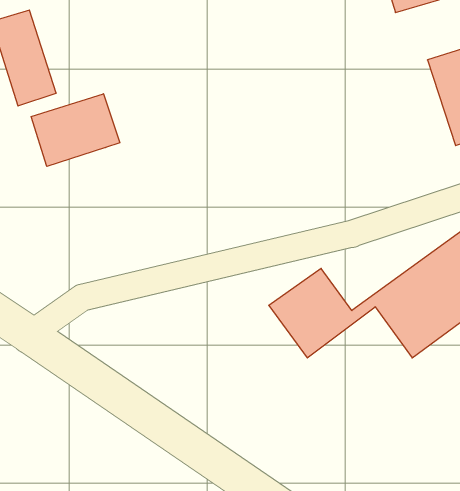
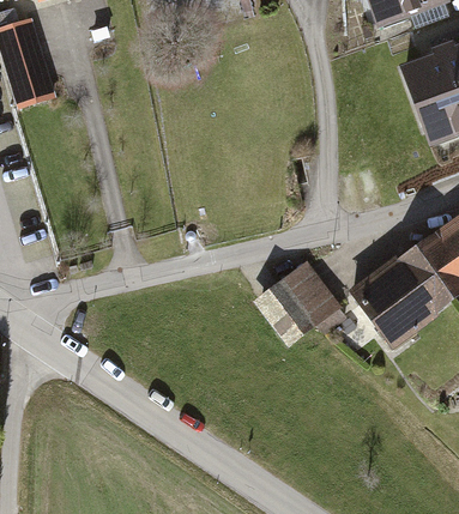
building: [31,94,120,166] -> none

